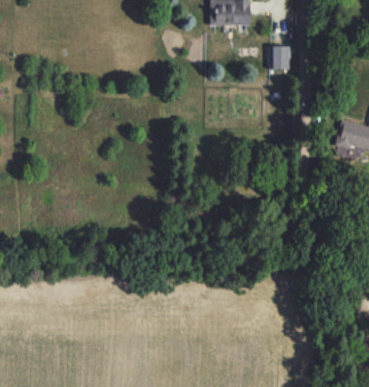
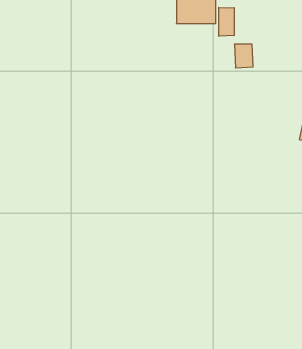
building: none -> [219,7,234,36]

